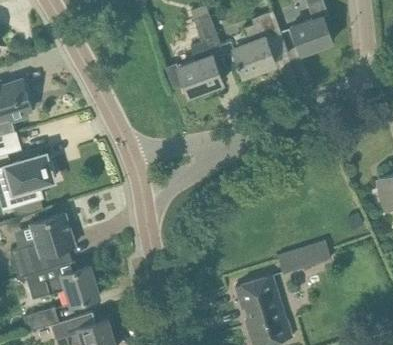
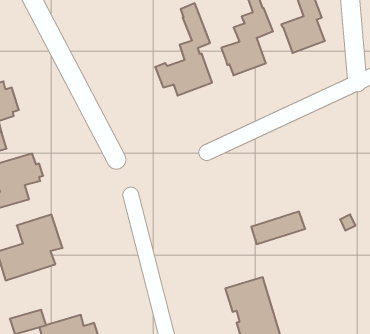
building: [278,241,331,273] -> [251,212,305,244]
building: [26,260,99,305] -> none

